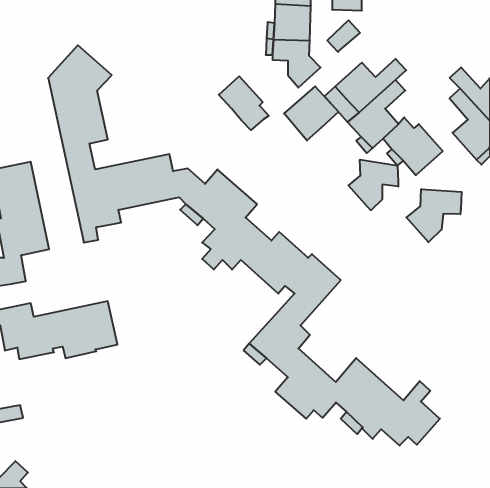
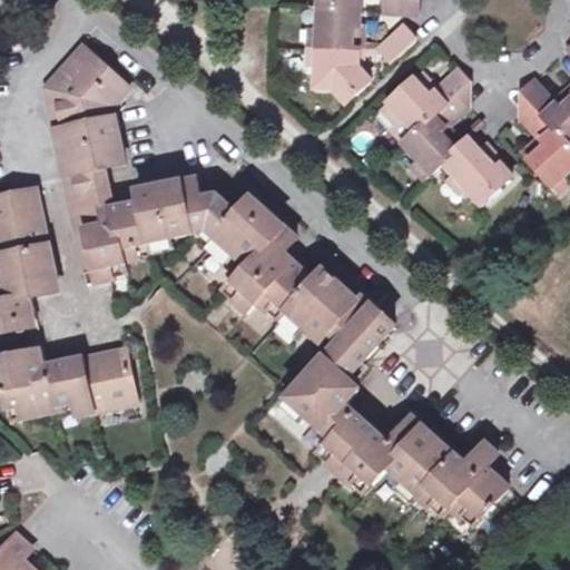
building: none -> [46,46,97,283]
building: [219,76,269,130] -> none
building: [284,86,338,141] -> none
building: [348,160,398,210] -> none
building: [406,189,462,242] -> none

